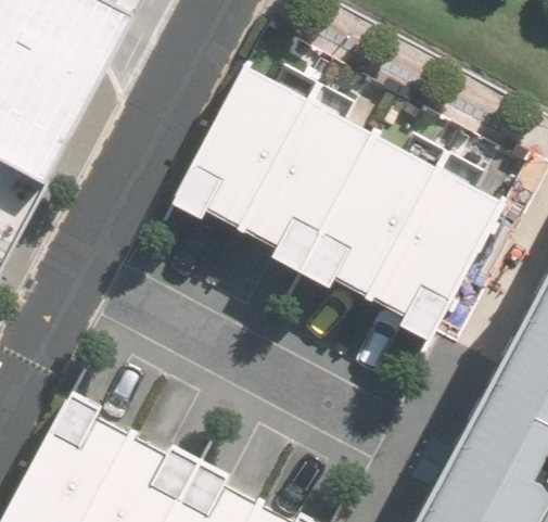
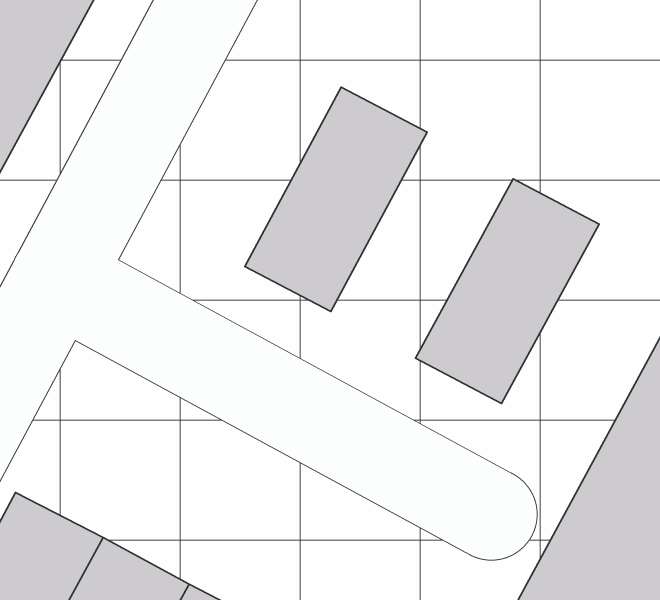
building: [174,64,309,231] -> none
building: [302,131,437,300] -> none

